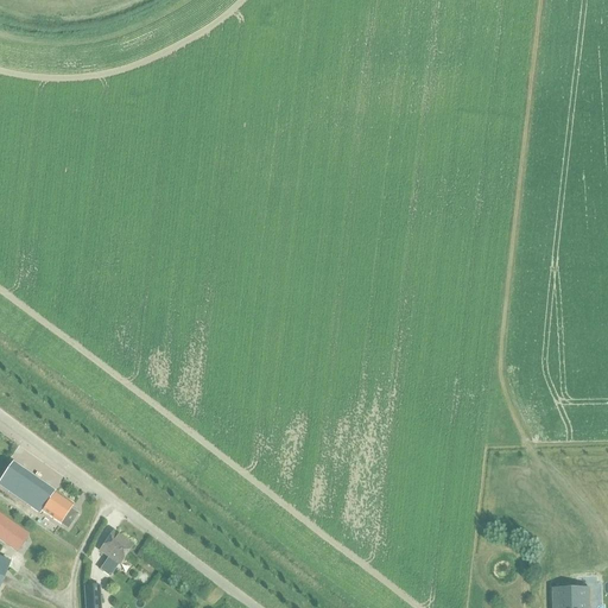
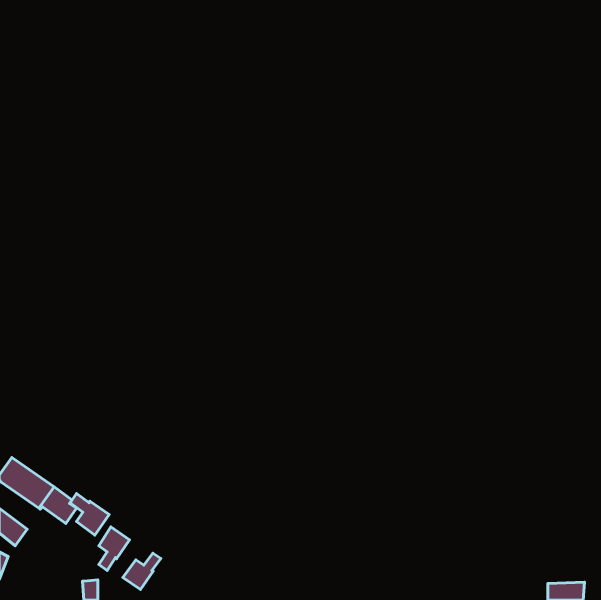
building: none -> [70,493,109,535]
building: none -> [123,553,161,590]

